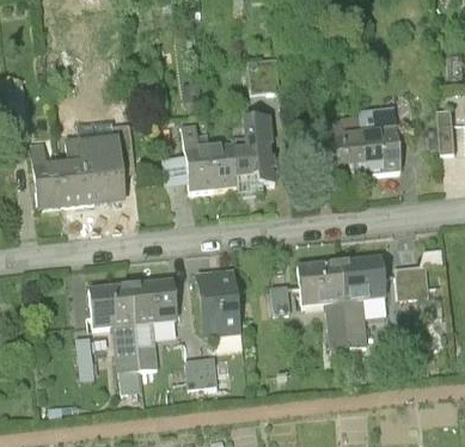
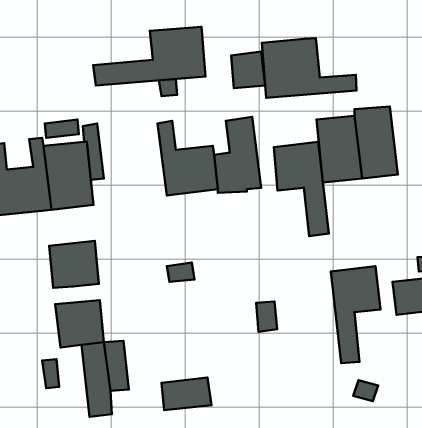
building: none -> [93,27,206,86]
building: none -> [262,38,356,98]
building: [299,258,349,344] -> [274,142,329,236]
building: [197,274,237,336] -> none
building: [129,280,175,323] -> [49,241,99,288]

